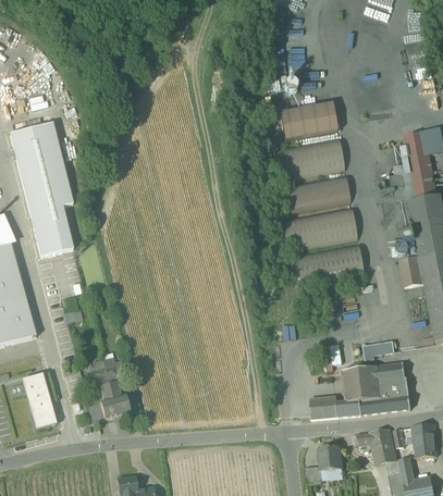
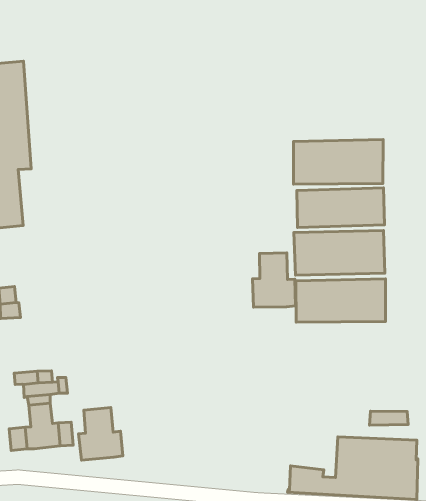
building: [280,102,337,139] -> none
building: none -> [252,253,295,307]
building: none -> [79,408,123,460]

